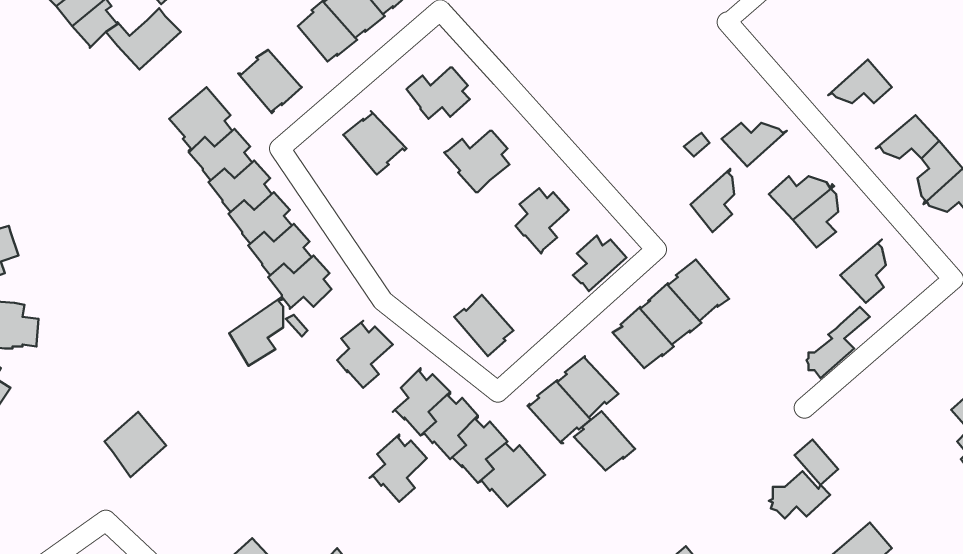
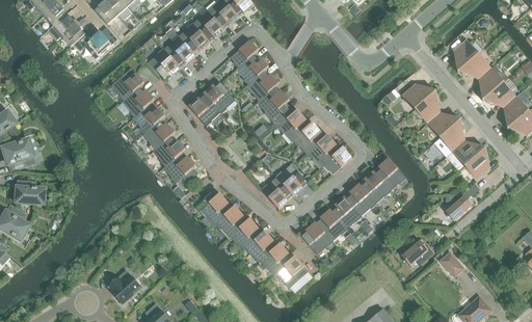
building: none -> [163,34,195,66]
building: none -> [454,38,478,72]
building: none -> [230,41,259,68]
building: none -> [479,68,503,100]
building: none -> [245,74,280,101]
building: none -> [188,93,219,126]
building: none -> [276,108,307,142]
building: [691,169,734,232] -> [415,90,437,124]
building: none -> [308,133,337,167]
building: none -> [451,143,485,166]
building: none -> [275,163,308,196]
building: [229,297,283,366] -> none
building: [574,411,635,471] -> [329,196,362,227]
building: [105,412,166,477] -> [108,270,140,304]
building: [369,434,427,502] -> [213,203,243,238]
building: [769,471,830,518] -> [401,240,433,265]

